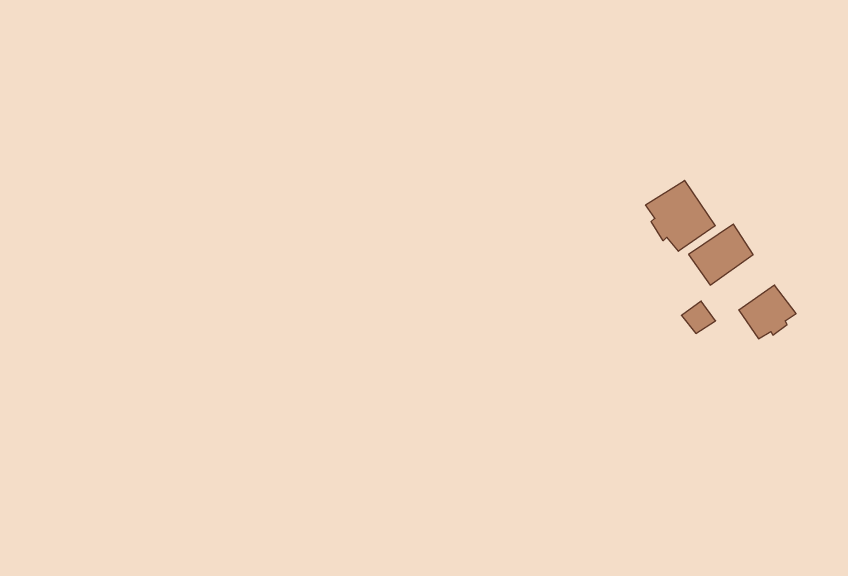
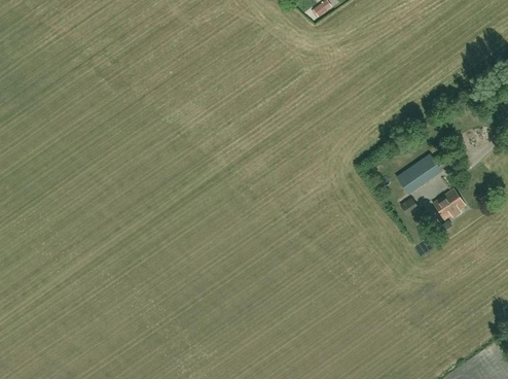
building: [646,180,715,251] -> none

